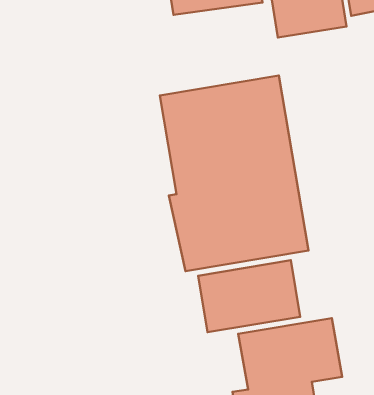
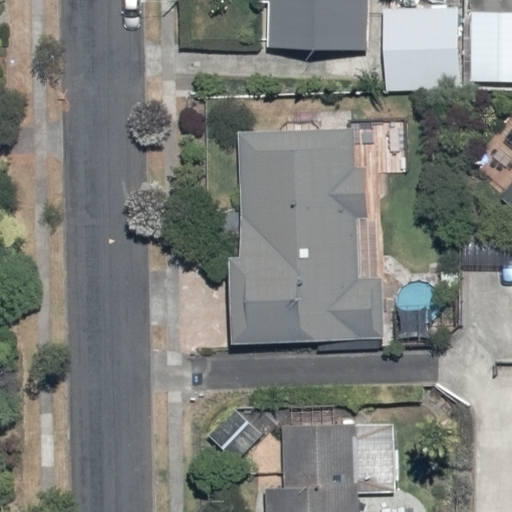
building: [198,260,300,332] -> none

